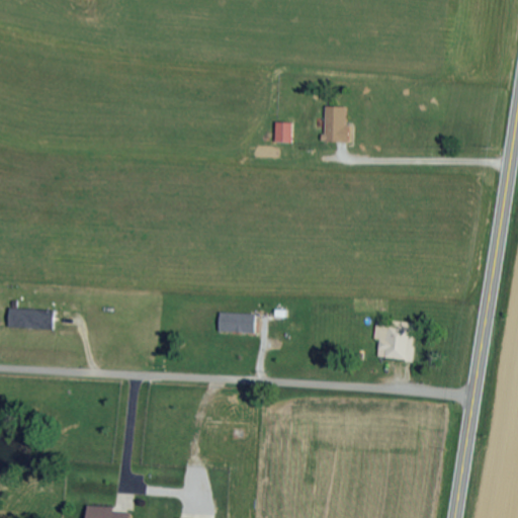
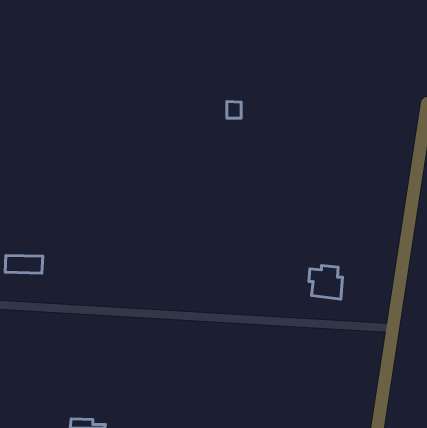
building: [323,106,347,142] -> none
building: [217,313,253,333] -> none

